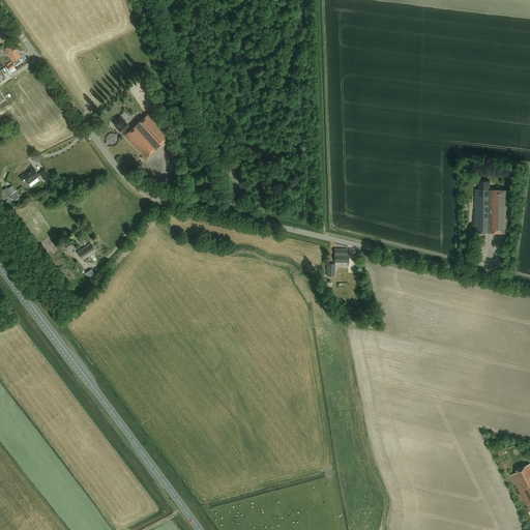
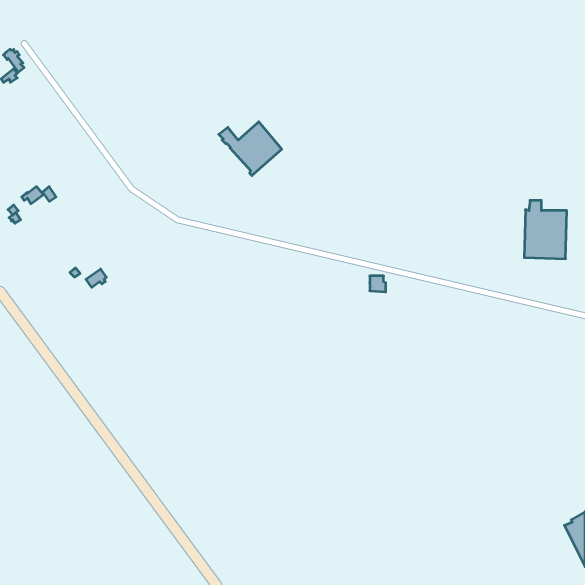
building: [113,112,170,160] -> [219,122,282,176]

